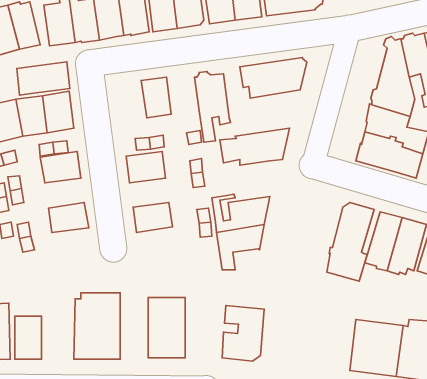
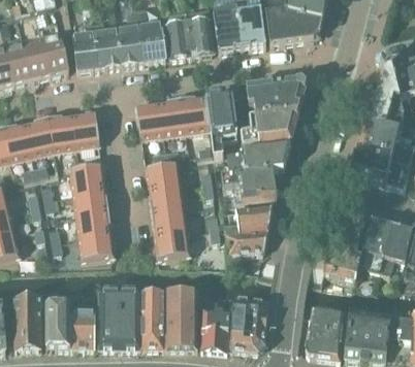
building: [17,62,70,95] -> none
building: none -> [181,95,209,131]
building: none -> [135,101,163,137]
building: none -> [240,109,299,147]
building: none -> [222,172,278,202]
building: none -> [72,188,107,214]
building: none -> [148,188,183,213]
building: none -> [154,231,190,259]
building: none -> [78,232,115,260]
building: none -> [139,301,162,348]
building: none -> [69,307,94,348]
building: none -> [305,309,343,359]
building: none -> [200,310,229,349]

